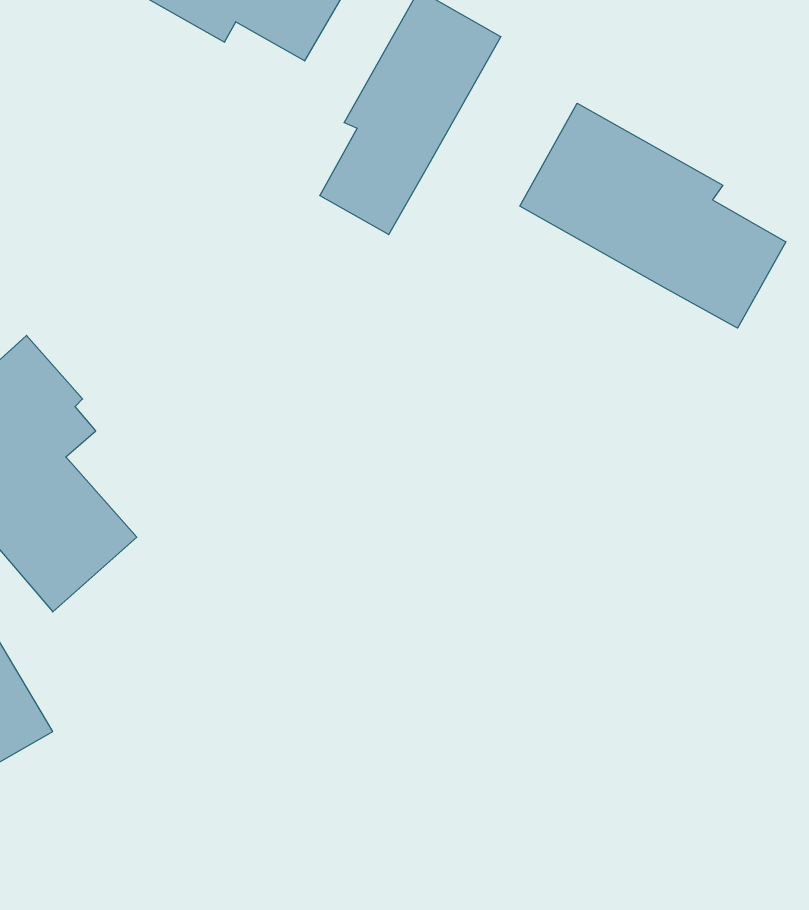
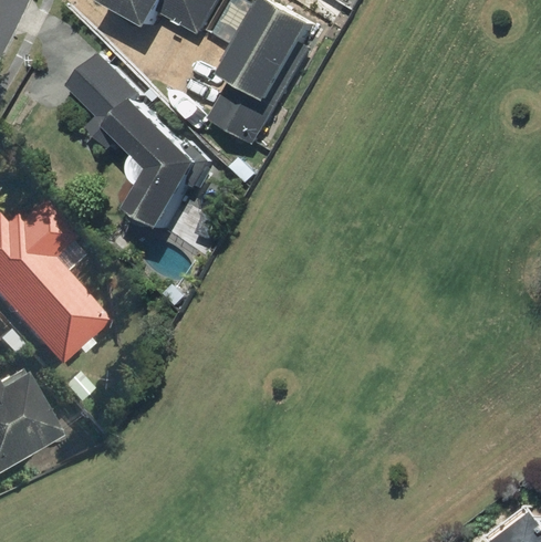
building: none -> [63,52,201,231]
building: [520,103,786,328] -> none

